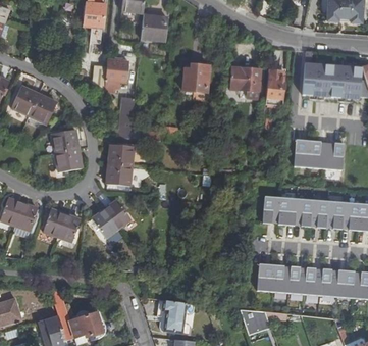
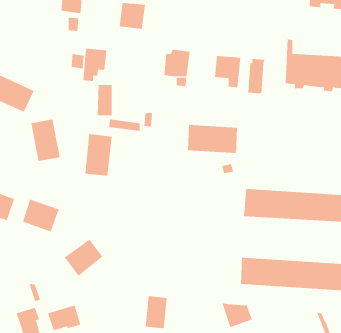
building: [293,141,343,169] -> [187,124,238,153]
building: [93,199,132,236] -> [64,239,103,276]

